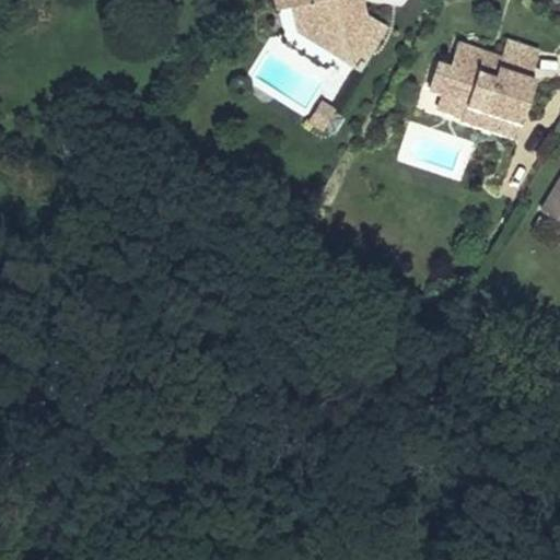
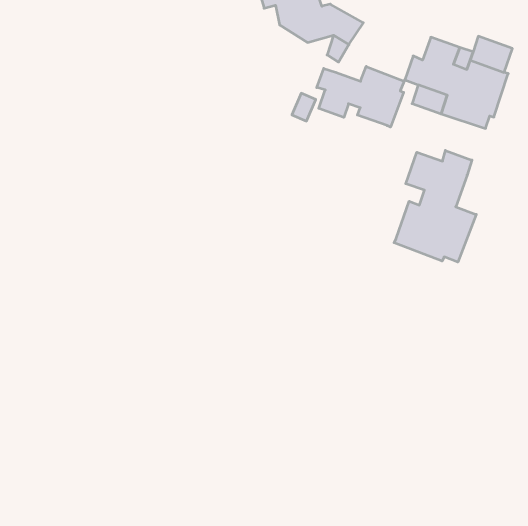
building: none -> [317,66,404,127]
building: none -> [394,150,476,262]

